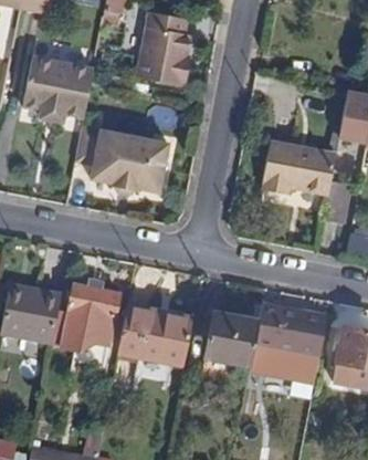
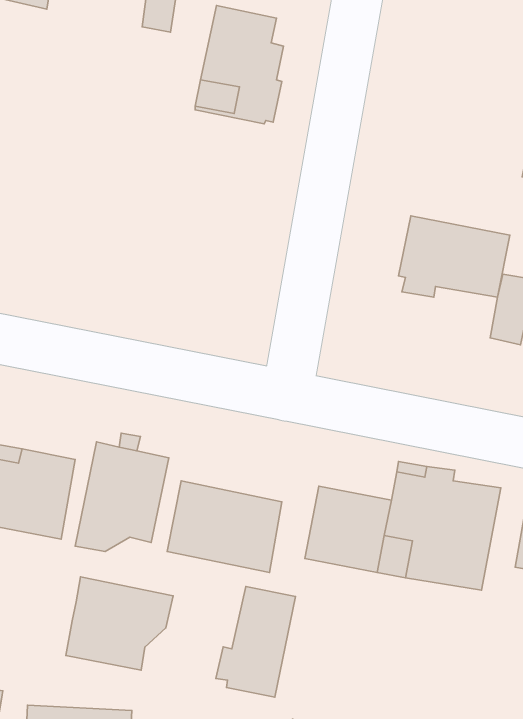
building: [27,58,95,118] -> none
building: [87,126,172,196] -> none
building: none -> [66,577,173,670]
building: none -> [216,587,296,697]

